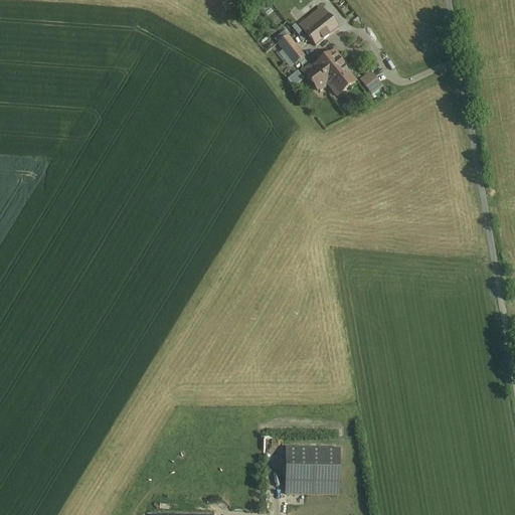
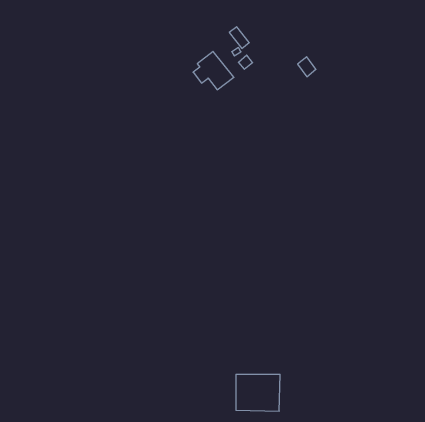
building: [300,5,333,38] -> none
building: [306,47,355,94] -> [193,51,234,90]

